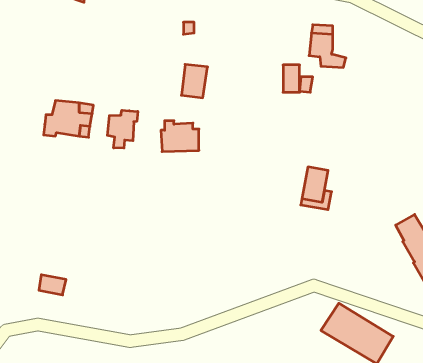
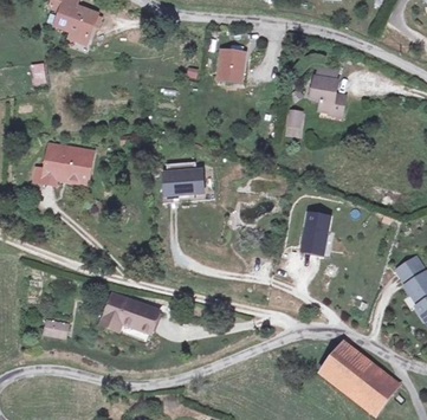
building: [181,64,208,98] -> [220,52,246,85]
building: [107,110,138,148] -> none
building: none -> [109,301,164,338]

